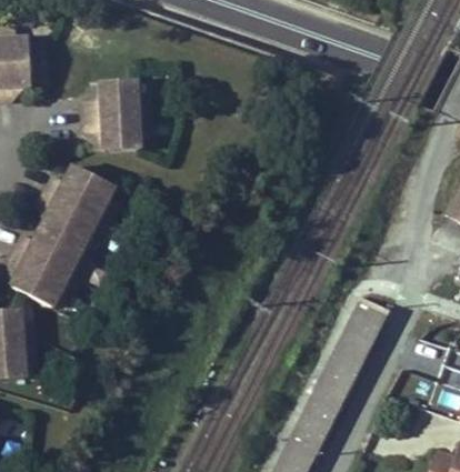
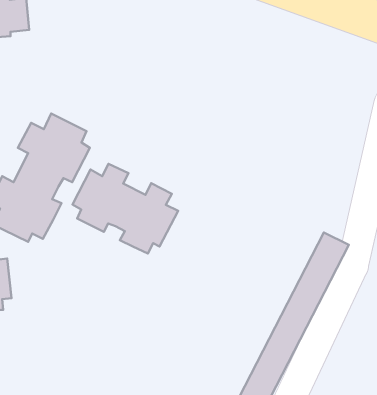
building: [83,81,151,153] -> none
building: none -> [73,164,178,253]

